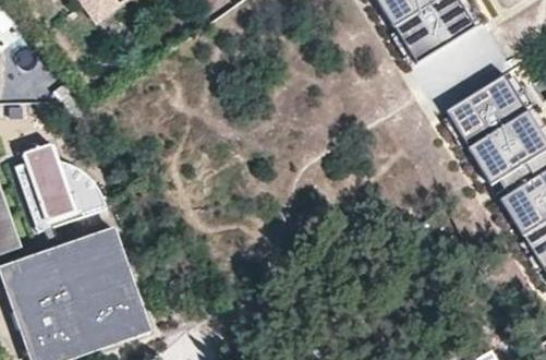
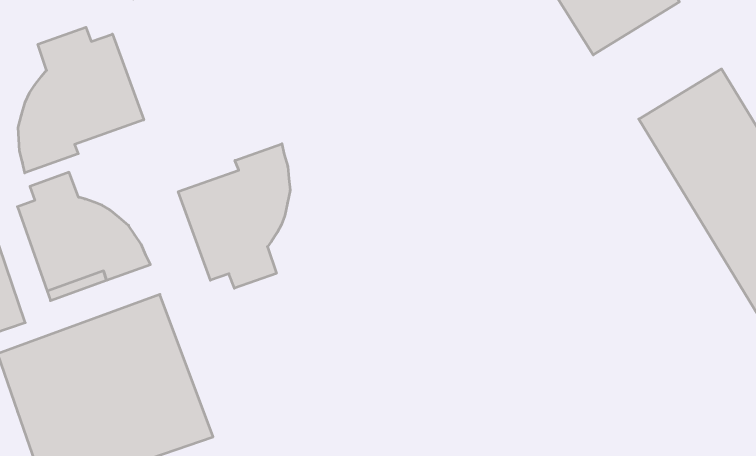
building: none -> [18,27,144,173]
building: none -> [178,144,290,288]

